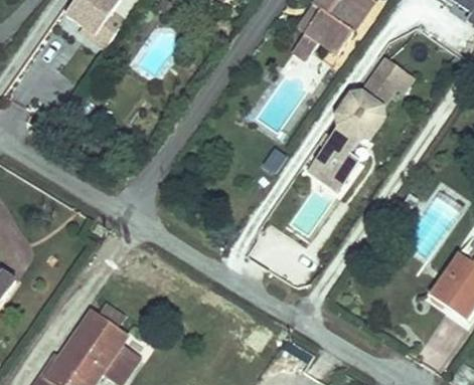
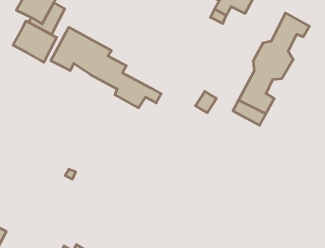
building: none -> [13,21,57,62]
building: none -> [51,27,161,108]

